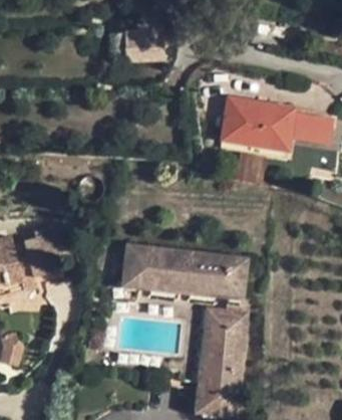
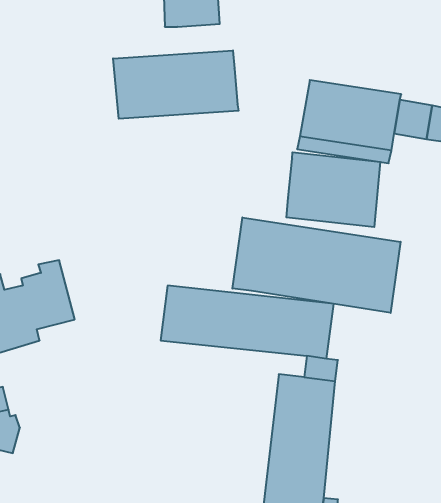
building: none -> [113,50,239,119]
building: none -> [286,152,380,227]
building: none -> [232,217,401,313]

